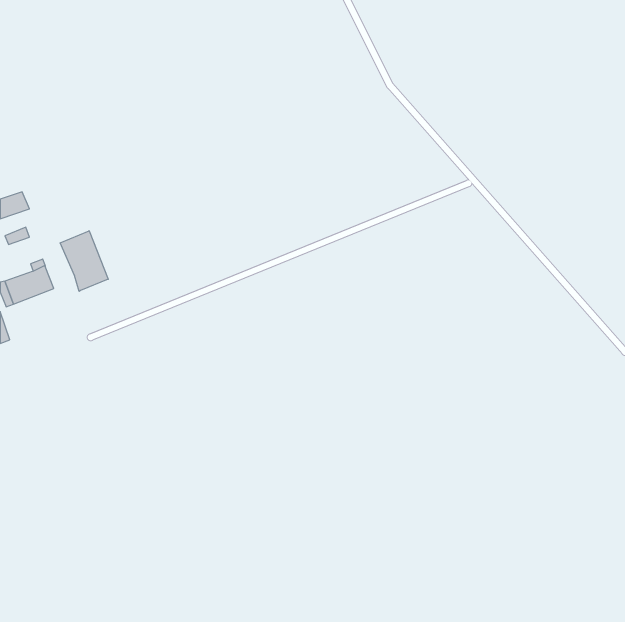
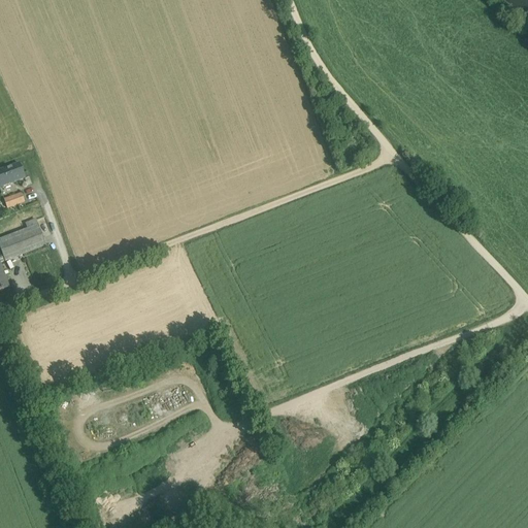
building: [60,231,108,291] -> none

